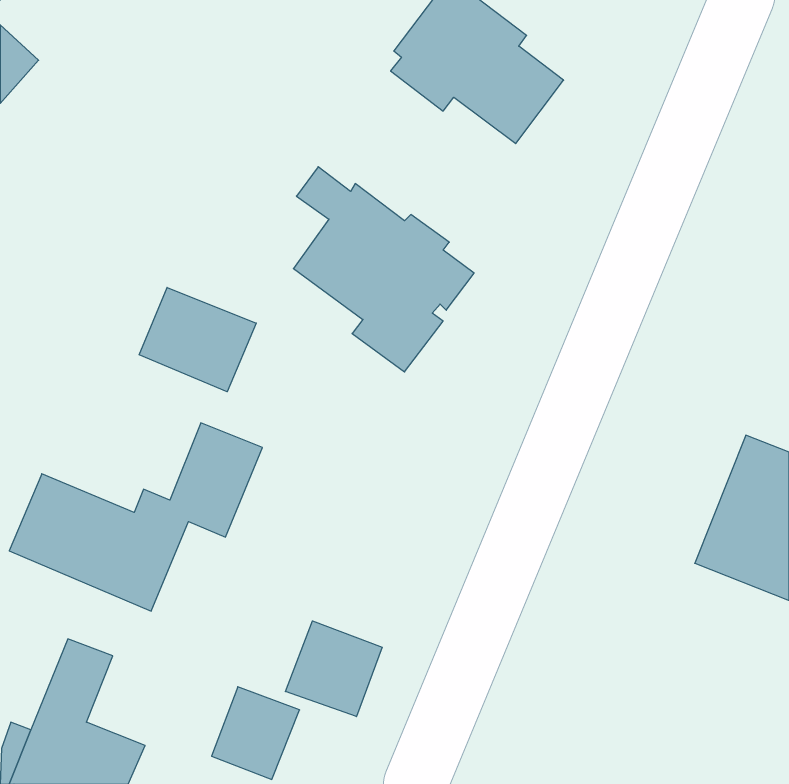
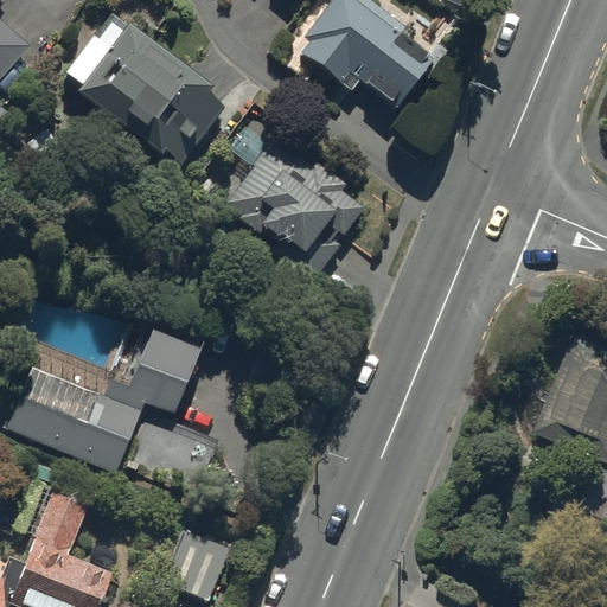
building: none -> [63,18,224,170]
building: [139,287,256,392] -> none
building: [285,621,382,717] -> none

